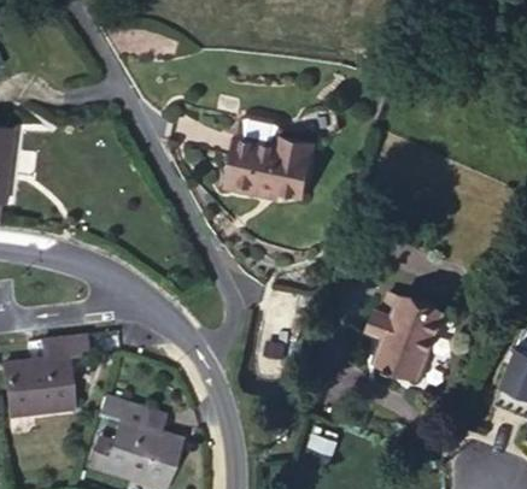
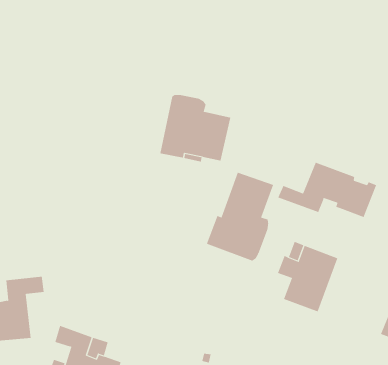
building: none -> [277,162,377,218]
building: none -> [206,172,274,262]

